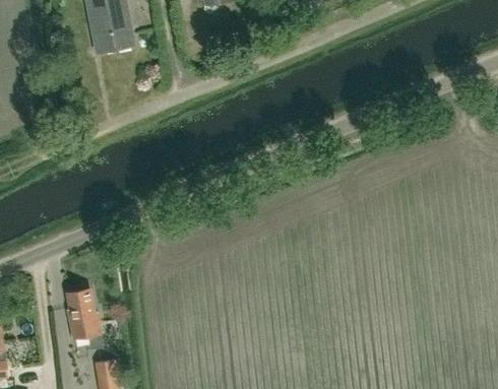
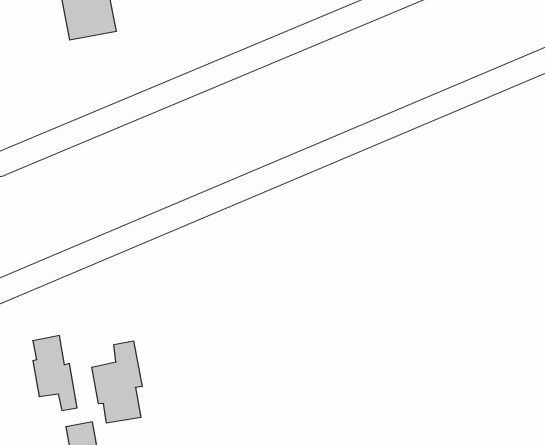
building: none -> [92,341,142,423]

